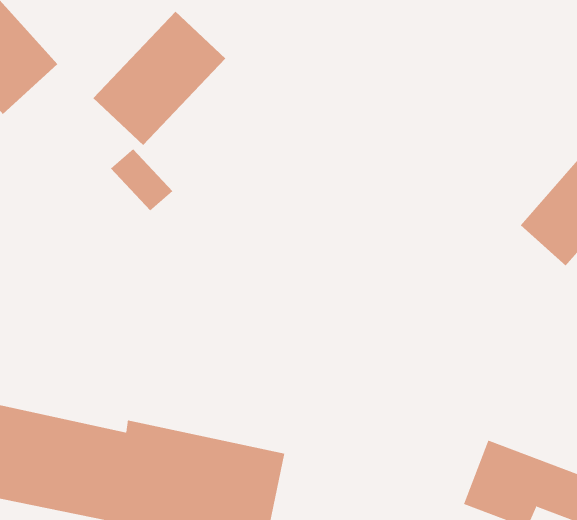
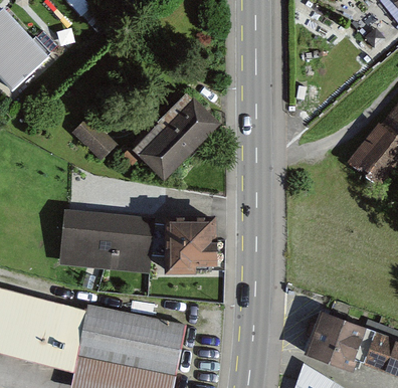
building: [93,11,226,146] -> [128,99,215,187]
building: none -> [61,218,151,273]
building: none -> [161,224,213,276]

